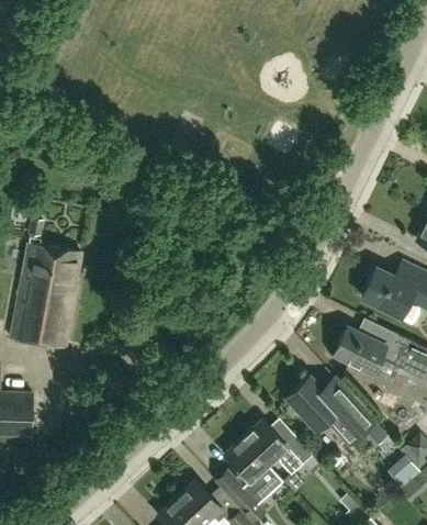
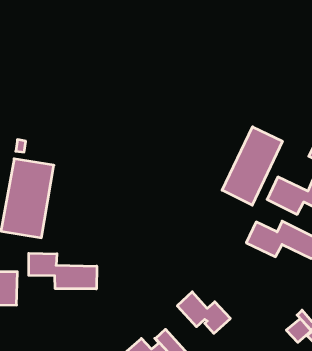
building: none -> [222,127,282,205]
building: none -> [29,253,97,289]
building: [288,377,389,446] -> none
building: [224,438,269,490] -> none

